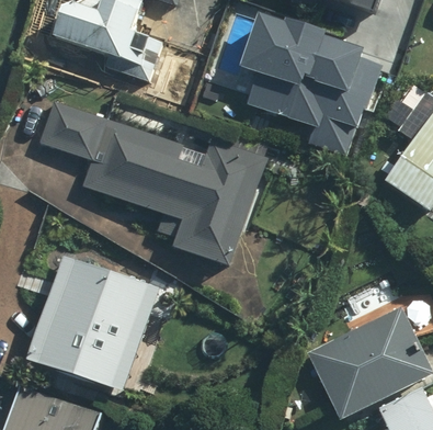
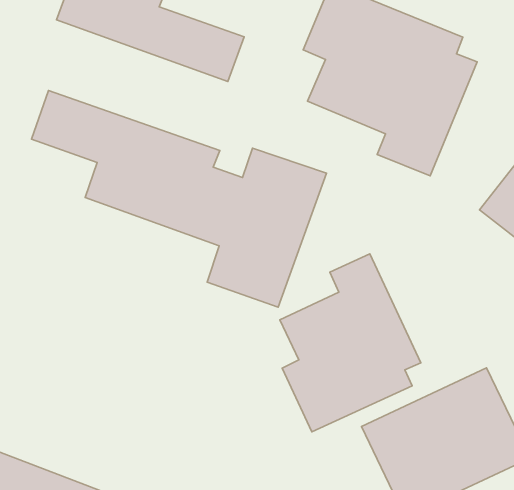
building: none -> [280,254,421,432]
building: [29,257,161,388] -> none

